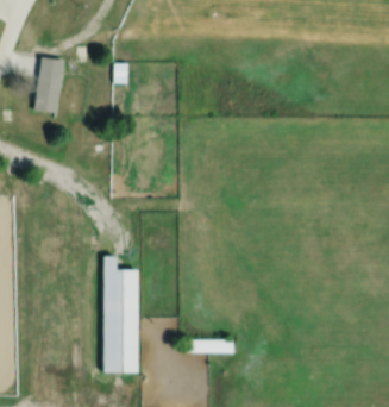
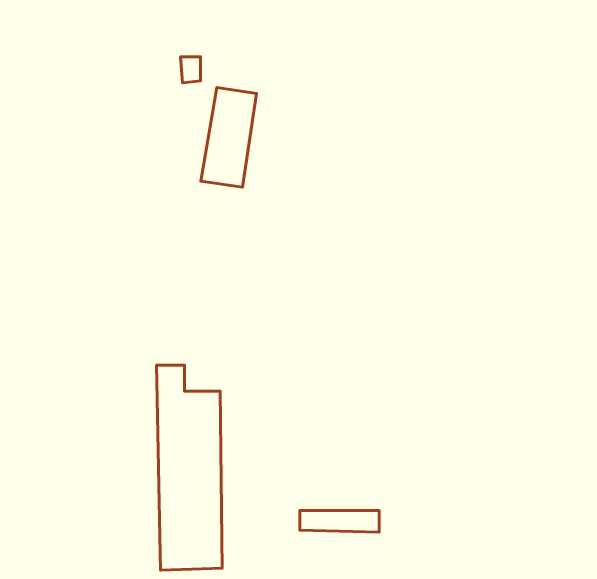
building: [32,55,65,114] -> [201,88,256,187]

